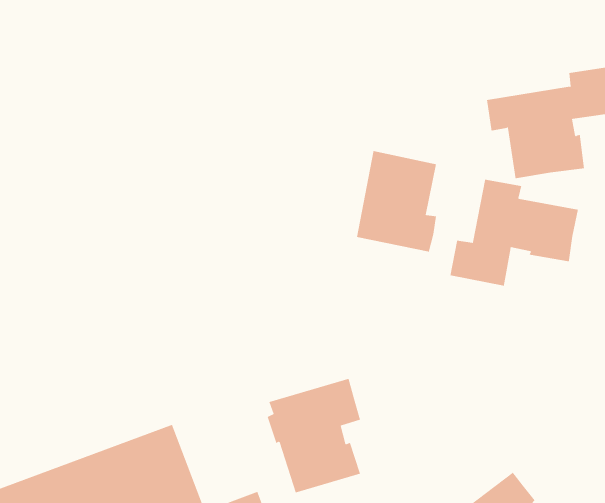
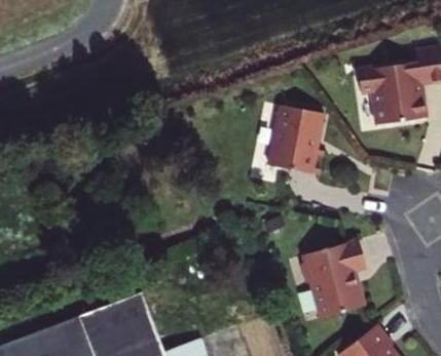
building: [450,179,579,286] -> none
building: [267,378,361,493] -> [302,242,367,321]

